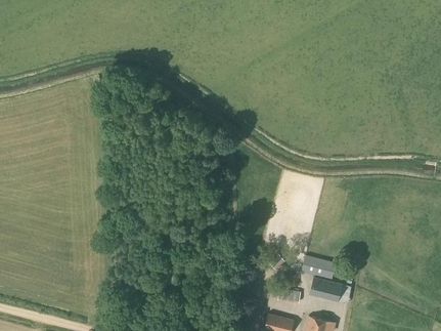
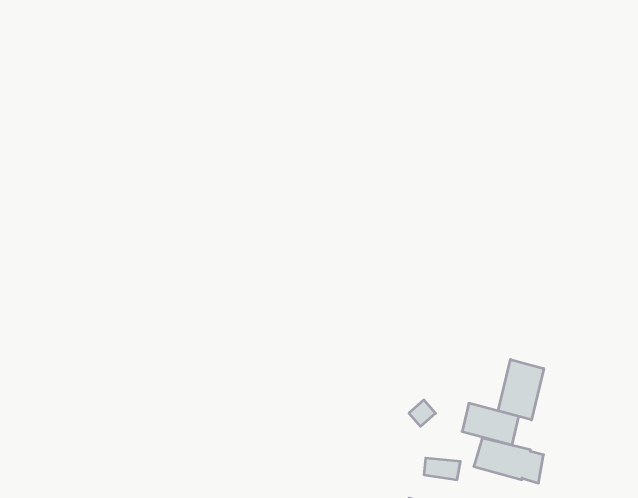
building: none -> [498,359,544,420]

